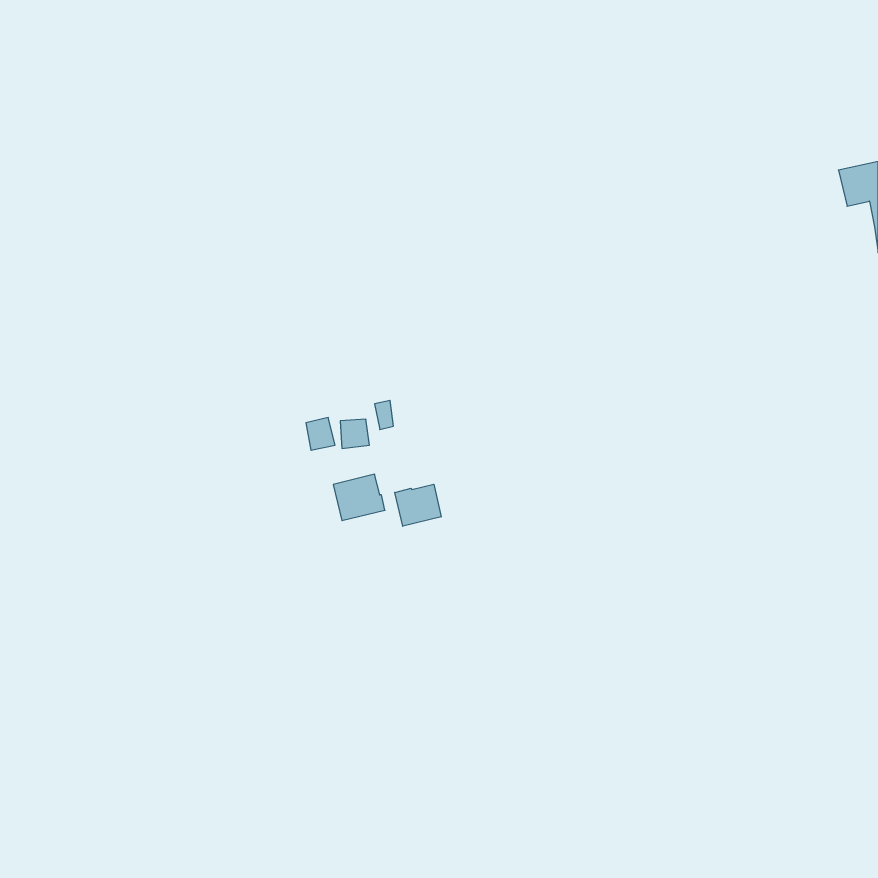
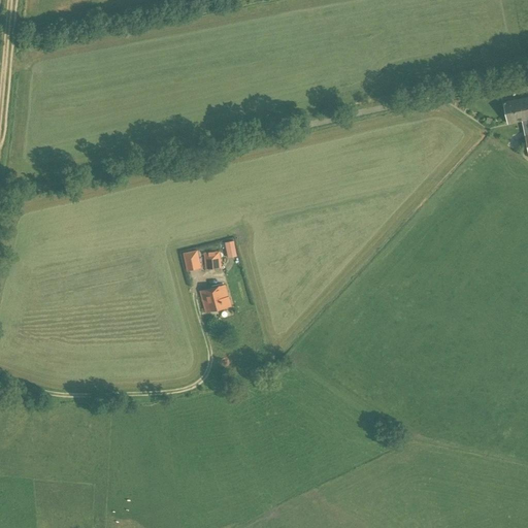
building: [395,484,441,526] -> none

